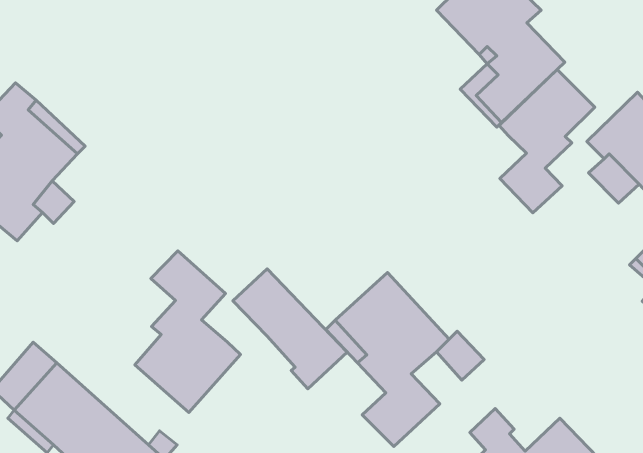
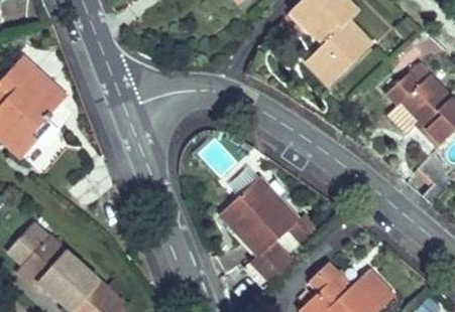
building: [499,69,595,213] -> none
building: [135,251,241,412] -> none
building: [233,269,347,389] -> none

